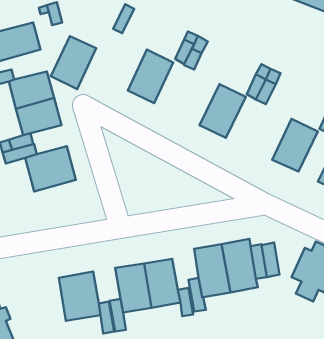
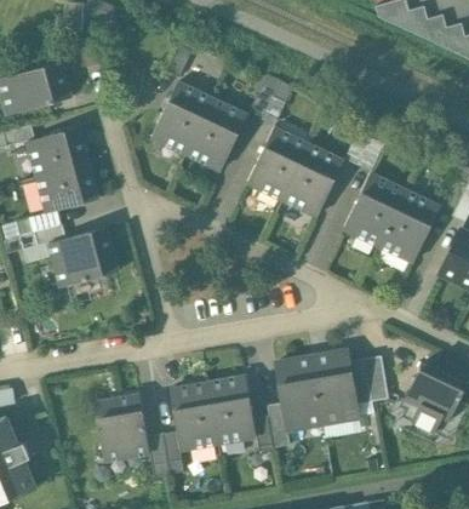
building: [51,36,96,89] -> [150,82,211,153]
building: none -> [246,127,308,199]
building: none -> [343,173,404,245]

